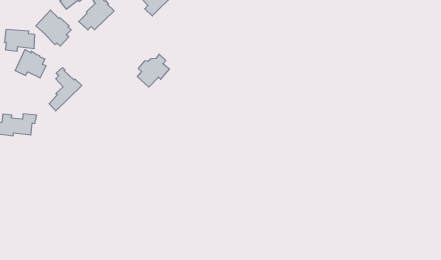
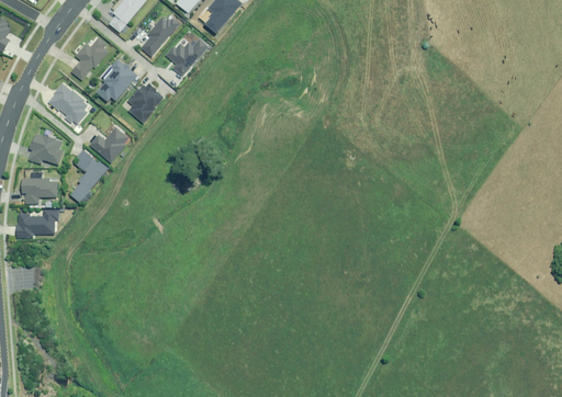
building: [4,30,35,51] -> [23,178,59,203]
building: none -> [90,127,128,162]
building: [137,54,169,87] -> [124,81,161,122]

